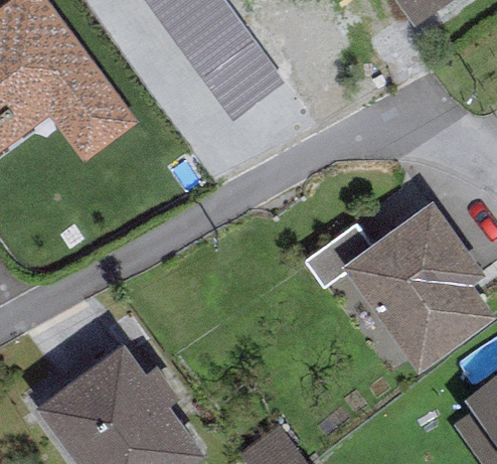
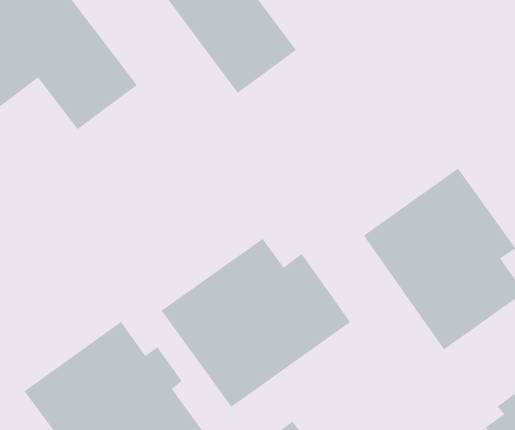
building: none -> [161,238,351,408]

